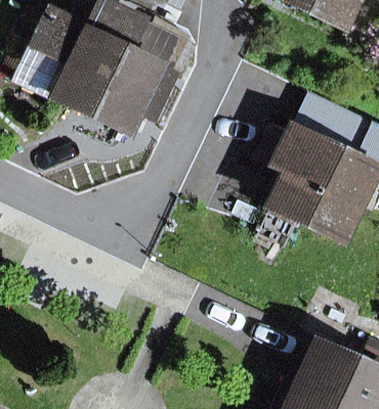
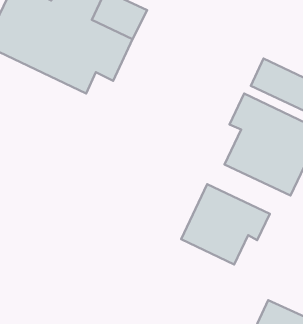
building: none -> [181,184,270,265]

